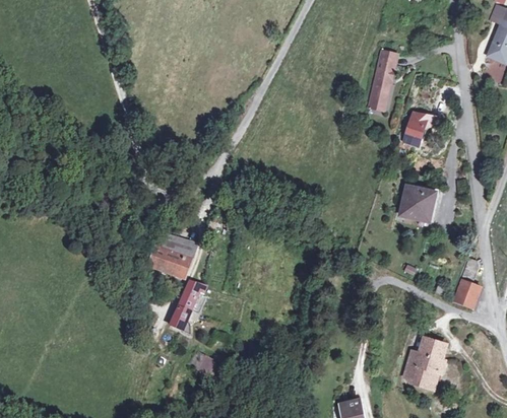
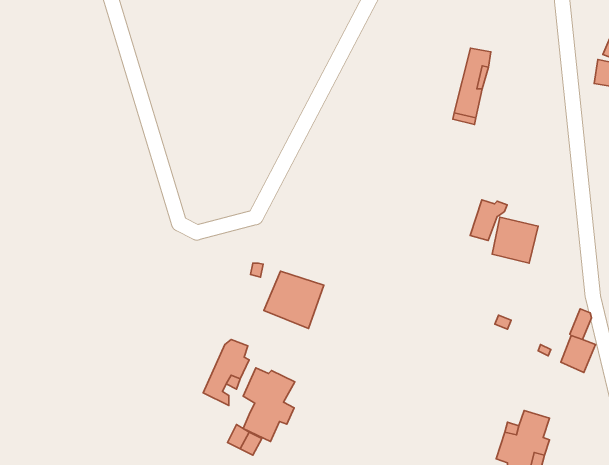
building: [402,113,432,145] -> [470,200,507,241]
building: [147,232,195,278] -> [264,271,324,328]
building: none -> [243,368,295,442]

